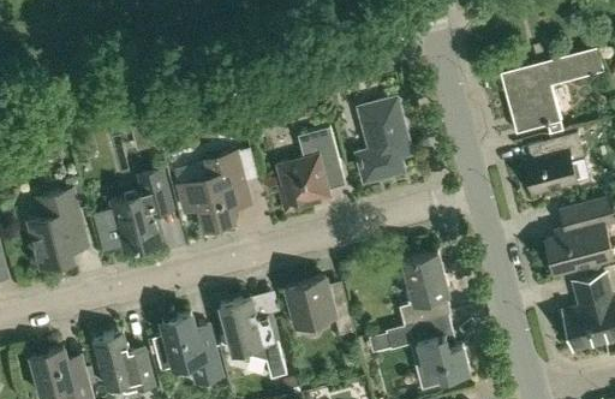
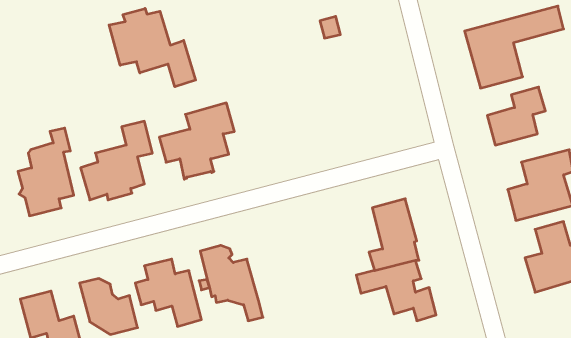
building: none -> [109,8,196,87]
building: [356,97,411,183] -> none
building: [276,127,339,209] -> none
building: [286,278,353,337] -> none

